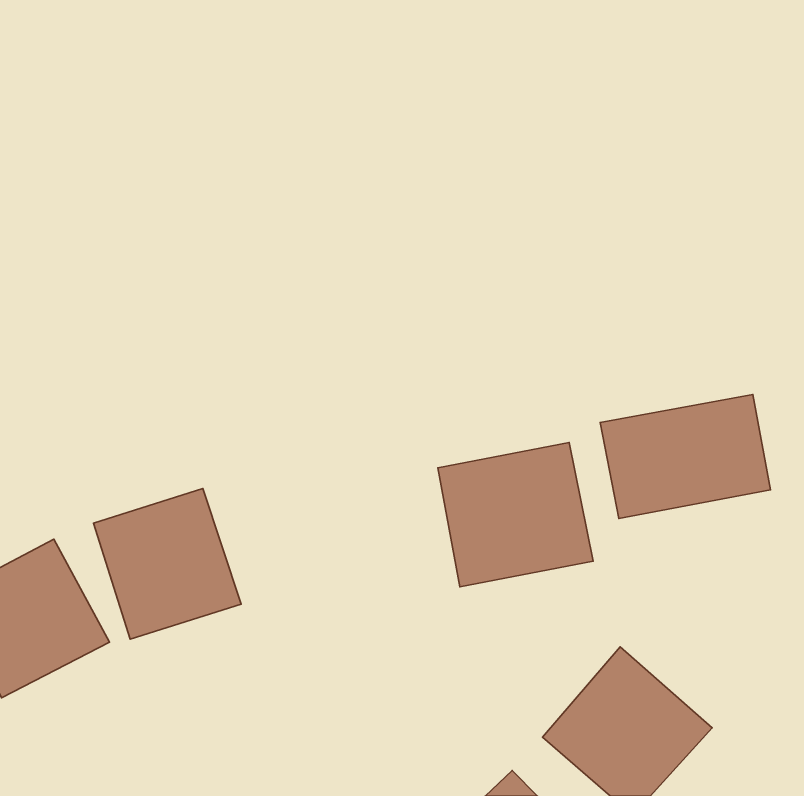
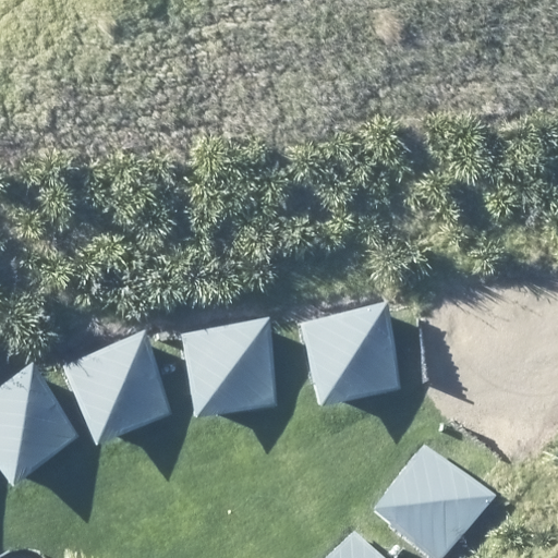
building: [600,395,770,519] -> none
building: none -> [183,323,283,413]

